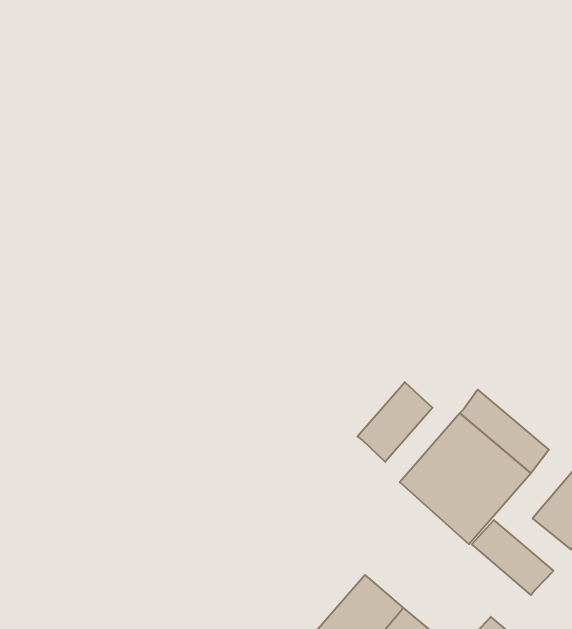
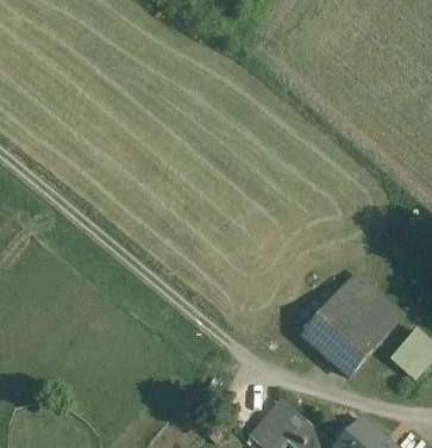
building: [357,382,433,462] -> none
building: [472,520,553,595] -> none

